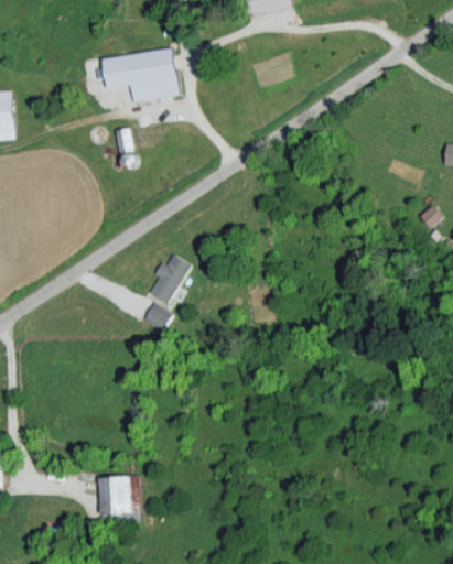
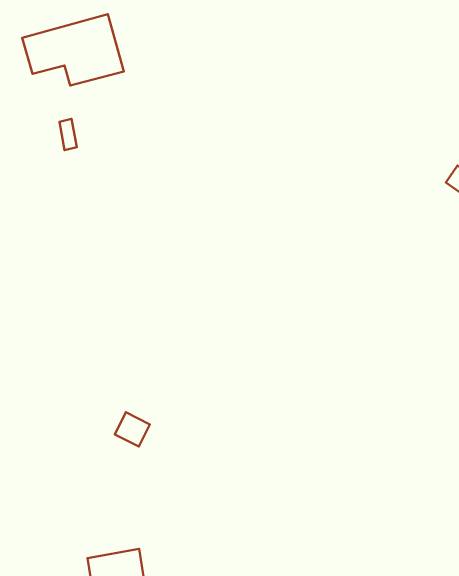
building: [150,253,192,304] -> none
building: [144,302,173,330] -> [115,412,150,447]

